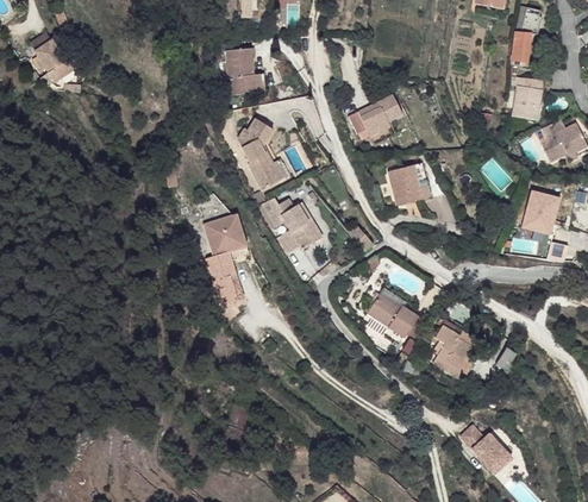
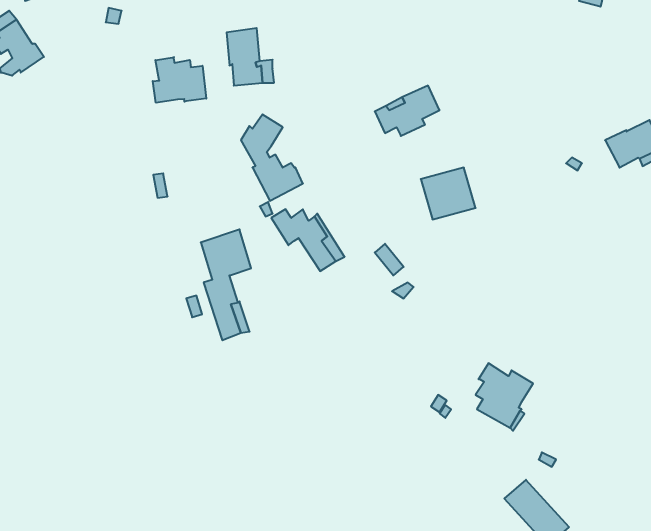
building: [512,29,532,67] -> none
building: none -> [153,57,206,103]
building: [511,76,544,119] -> none
building: [520,189,558,233] -> none
building: [367,293,419,337] -> none

